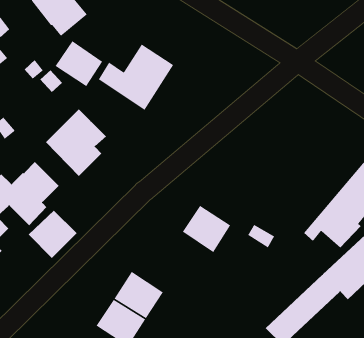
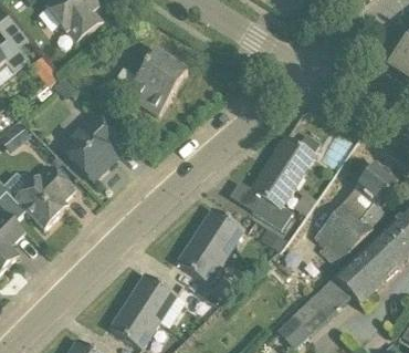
building: [54,40,103,87] -> none
building: none -> [251,136,314,229]
building: [28,210,78,259] -> none
building: none -> [177,235,226,283]

